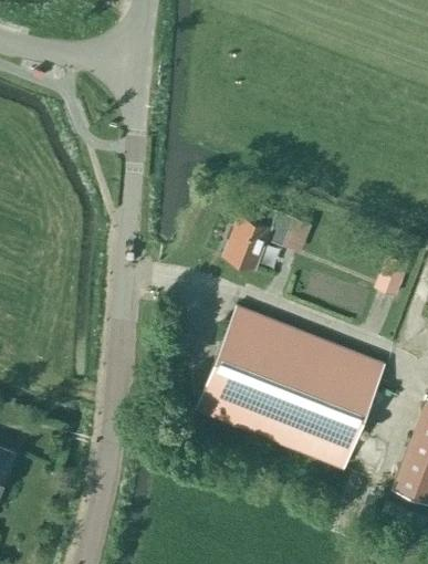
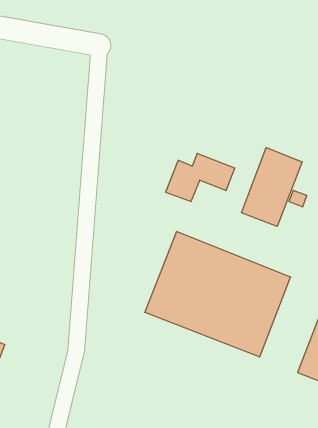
building: none -> [242,148,302,226]

